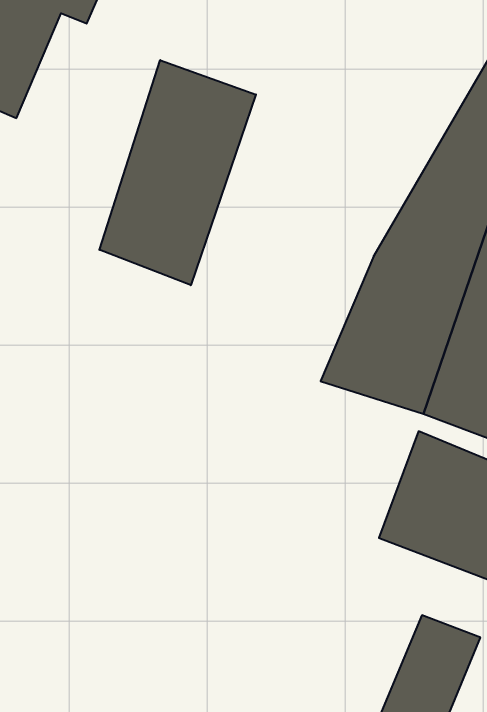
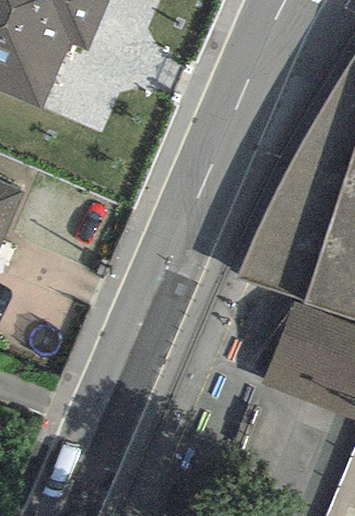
building: [99,60,256,285] -> none

